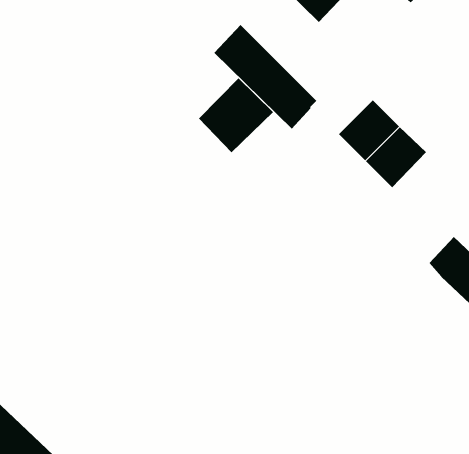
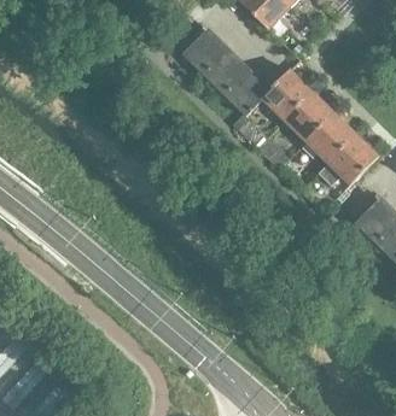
building: none -> [262,69,311,118]
building: [198,77,274,153] -> none
building: none -> [318,133,378,186]

